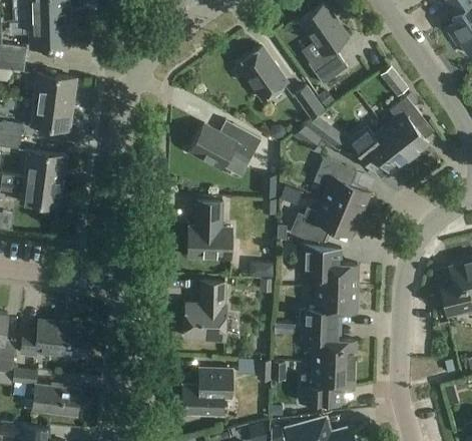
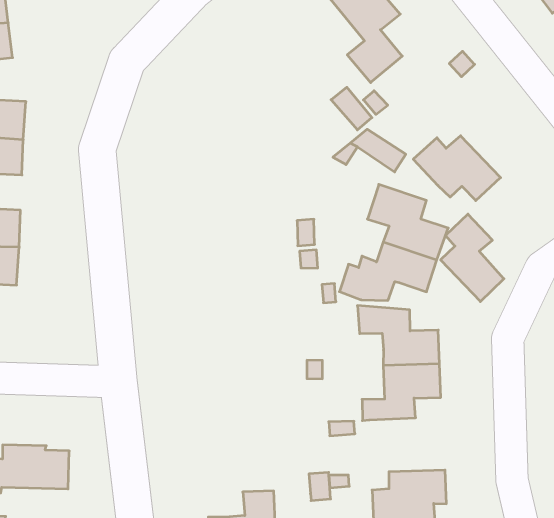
building: [239,47,287,99] -> none
building: [385,96,429,159] -> [441,214,504,302]
building: [189,124,262,168] -> none
building: [188,201,232,259] -> none
building: [185,282,226,342] -> none
building: [303,325,355,365] -> none

